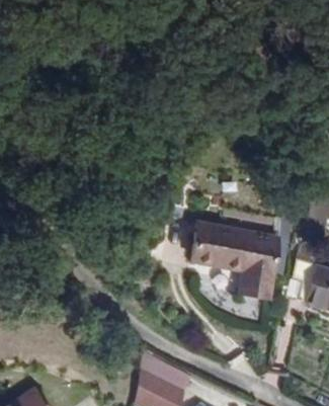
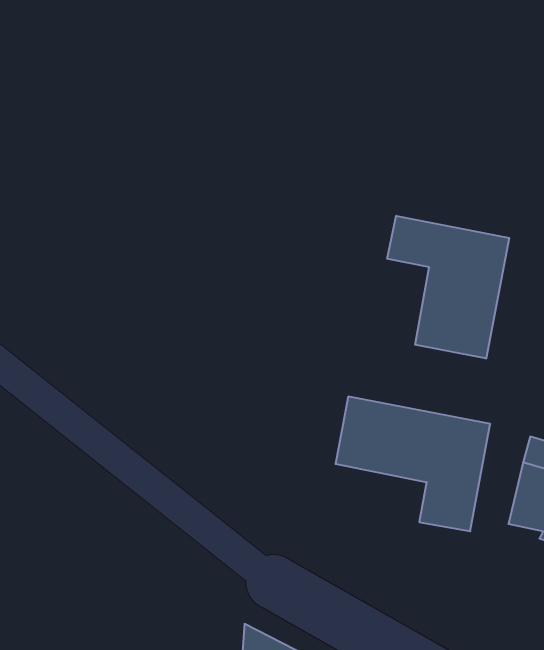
building: none -> [387,216,509,359]

